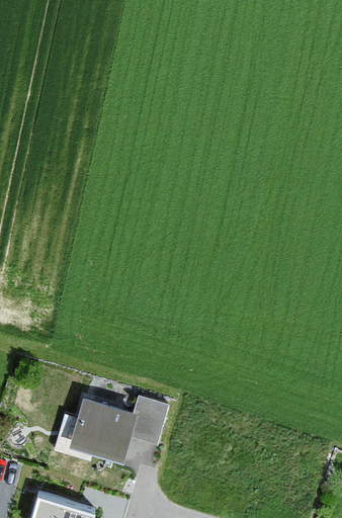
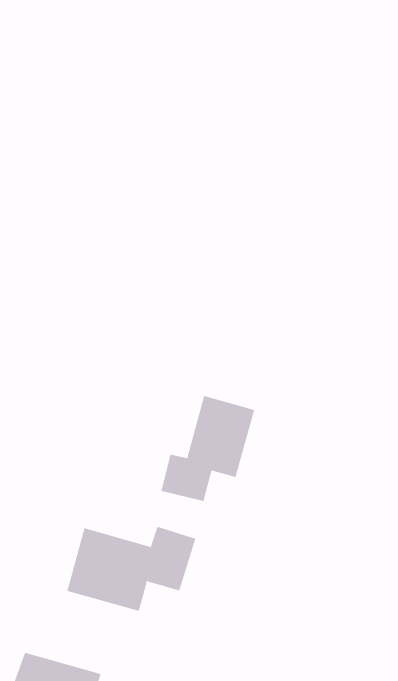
building: none -> [161,395,255,502]

